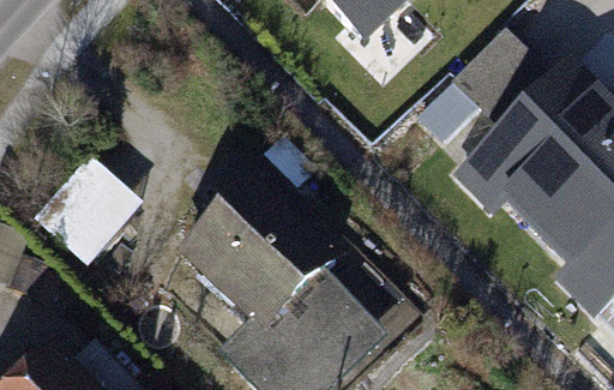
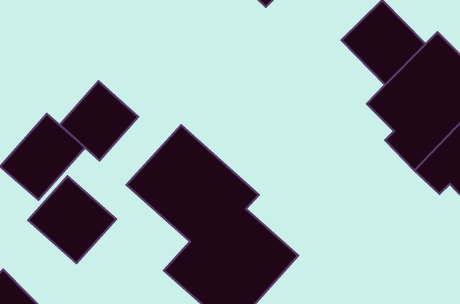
building: none -> [60,81,138,160]
building: none -> [28,176,116,263]

